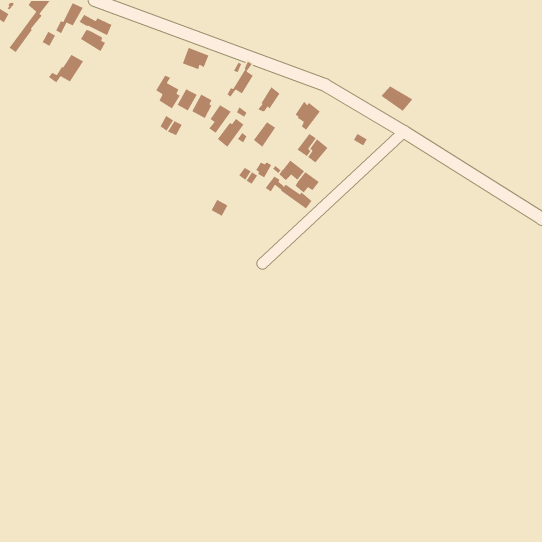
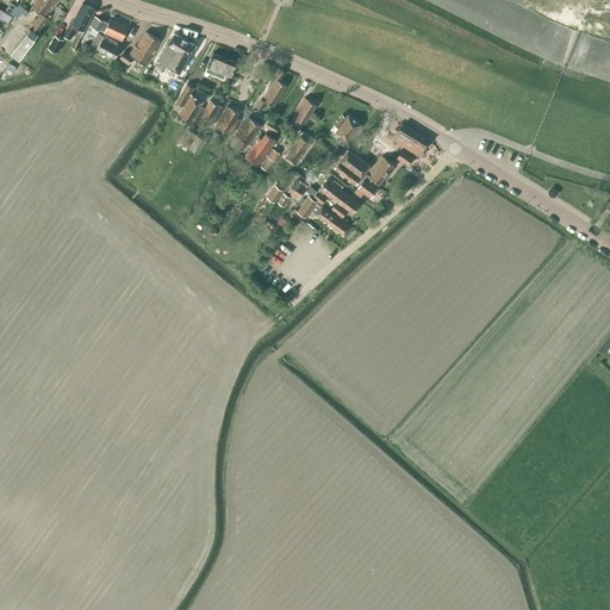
building: none -> [156,33,194,75]
building: [48,54,84,84] -> [118,32,158,66]
building: [381,85,414,112] -> [391,125,428,155]
building: none -> [356,157,393,198]

